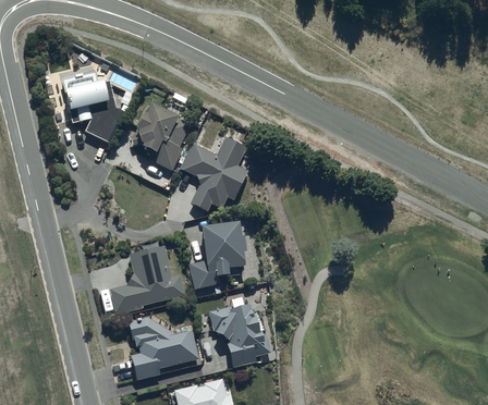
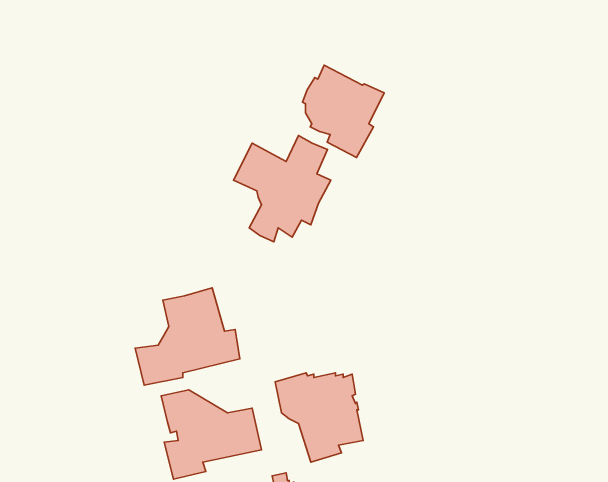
building: [62,69,124,143] -> none
building: [133,103,191,169] -> [302,65,384,158]
building: [188,223,245,289] -> none

